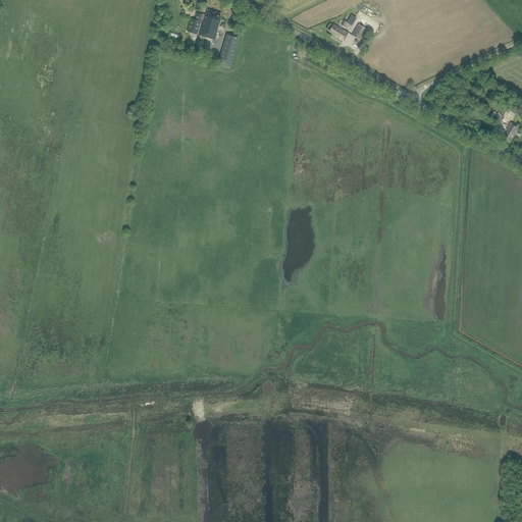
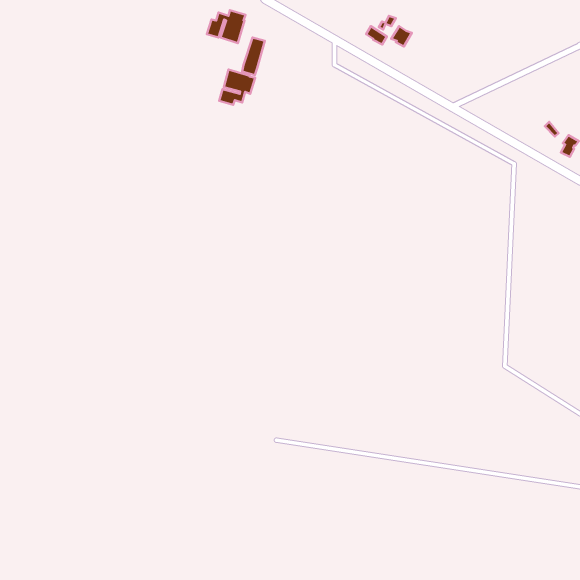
building: none -> [219,69,255,105]

